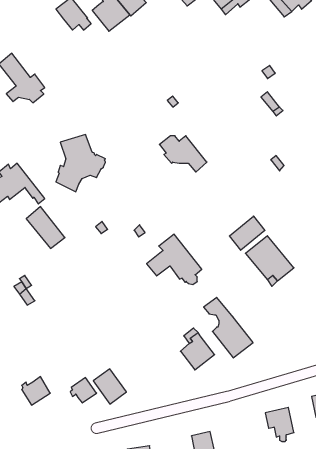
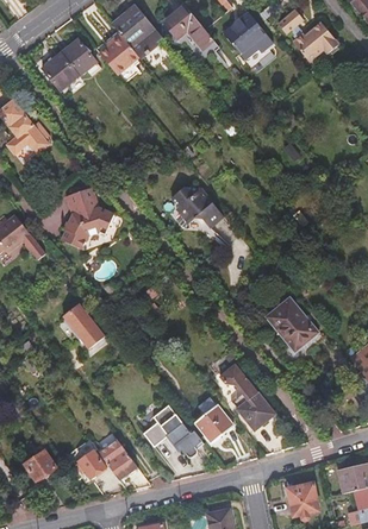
building: none -> [42,52,79,90]
building: [26,207,65,248] -> [63,302,105,347]
building: [229,216,265,250] -> none
building: [147,234,202,285] -> [142,402,201,456]

